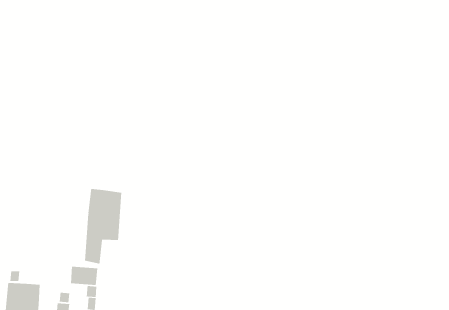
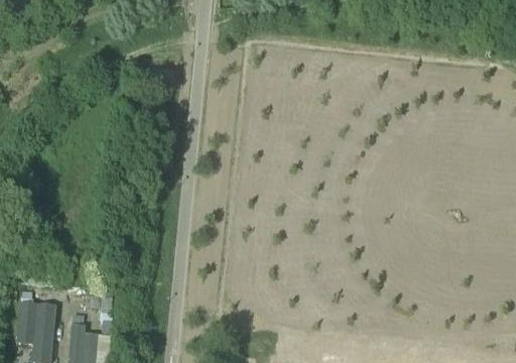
building: [85,188,122,264] -> none

